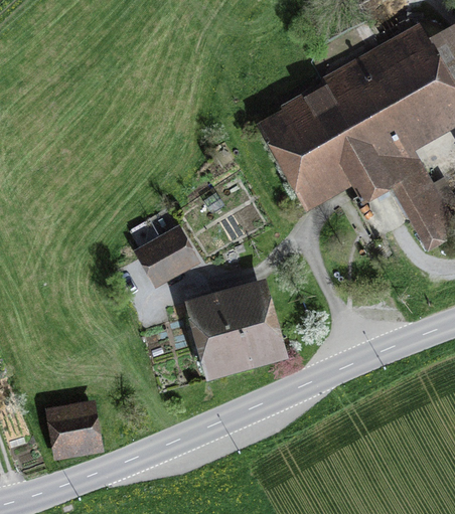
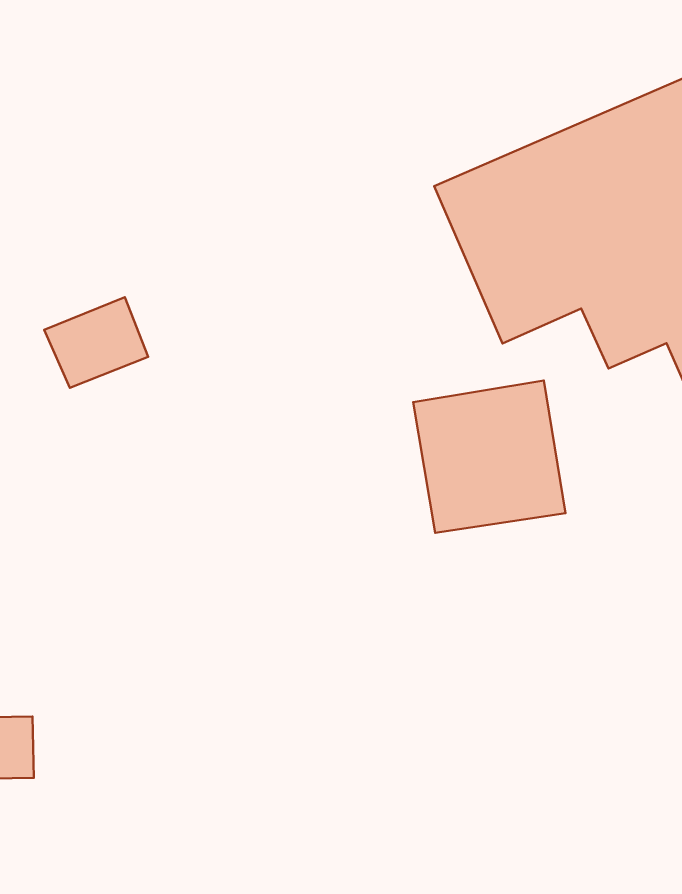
building: [139,231,193,281] -> [44,297,148,388]
building: [195,286,279,369] -> [413,380,565,533]

